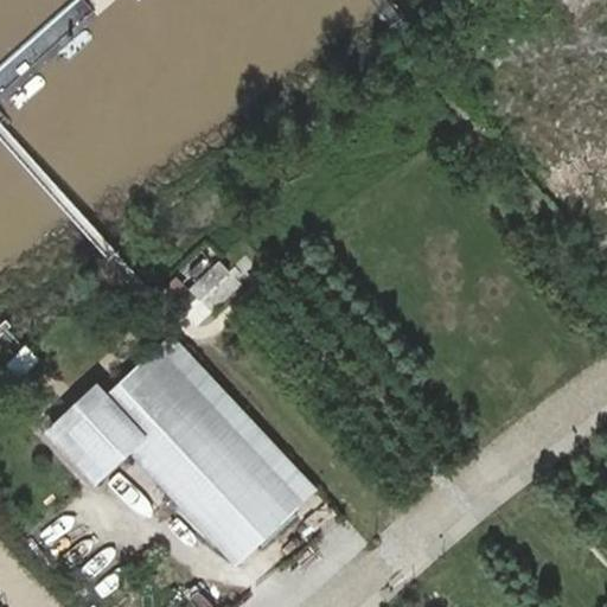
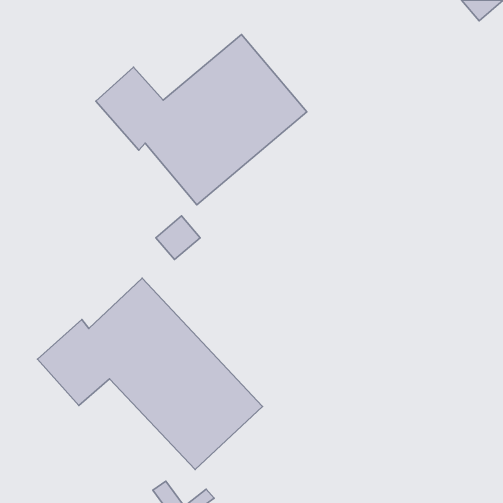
building: none -> [96,35,307,205]

